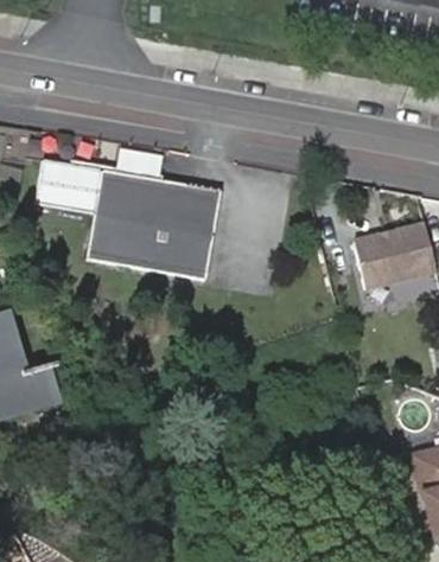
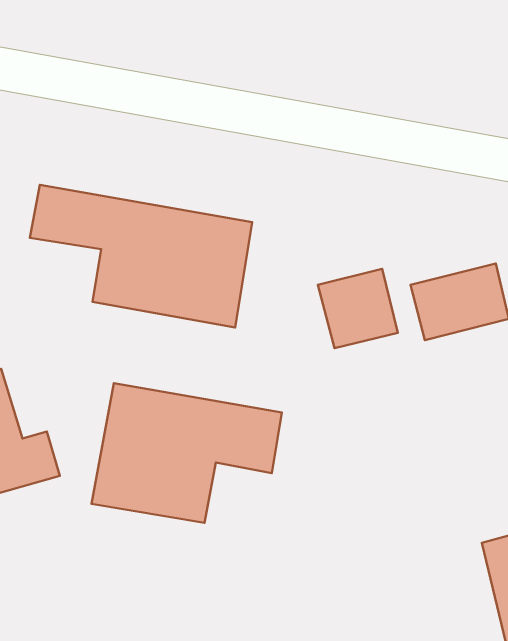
building: none -> [318,269,398,348]
building: none -> [92,383,282,523]

